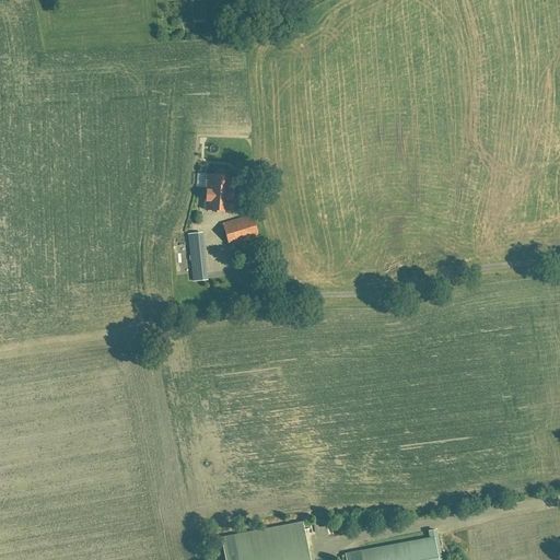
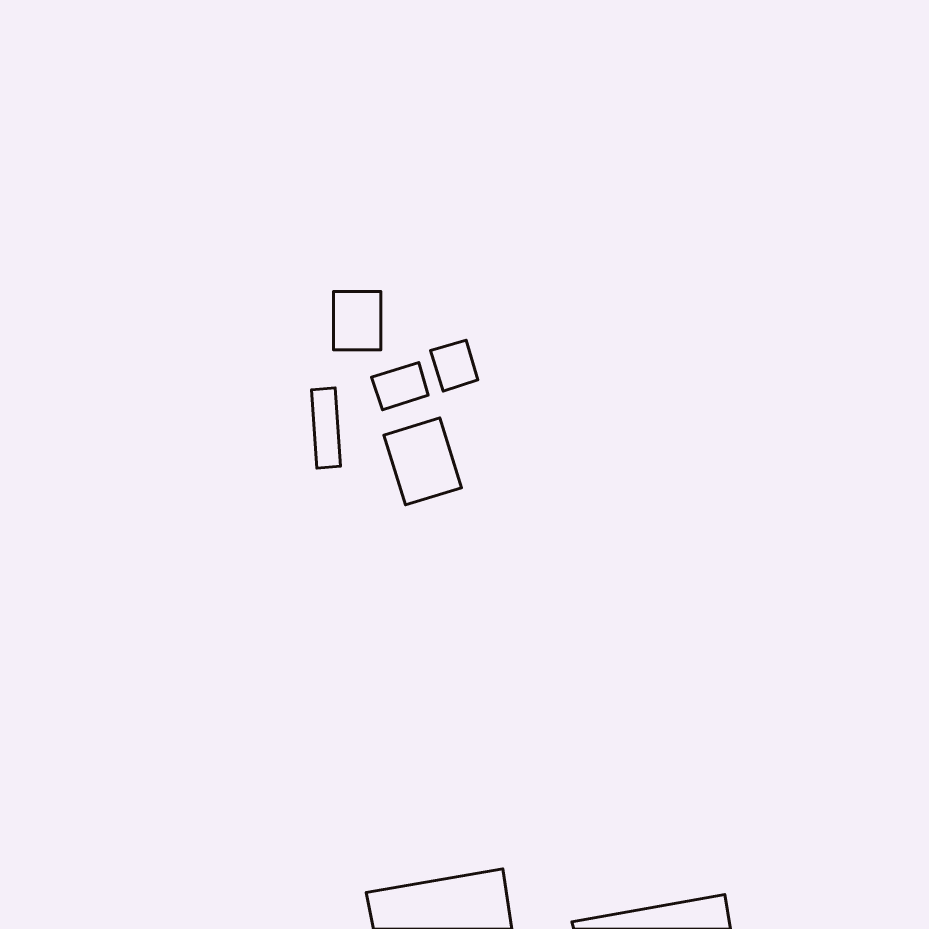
building: none -> [430,340,478,391]
building: none -> [384,418,461,505]

